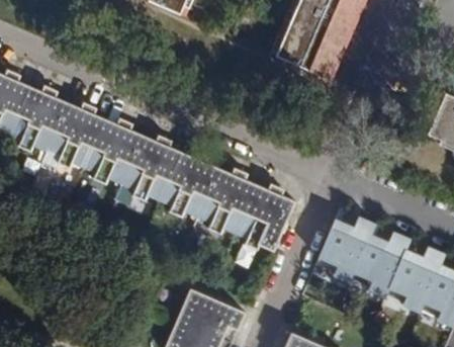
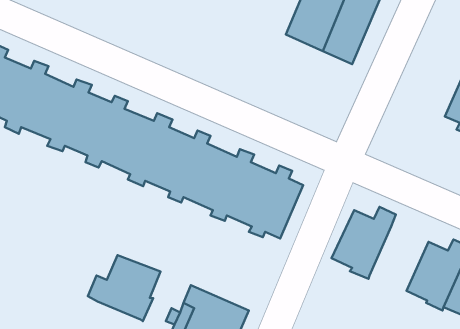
building: [354,232,414,297] -> none
building: none -> [88,255,160,321]

